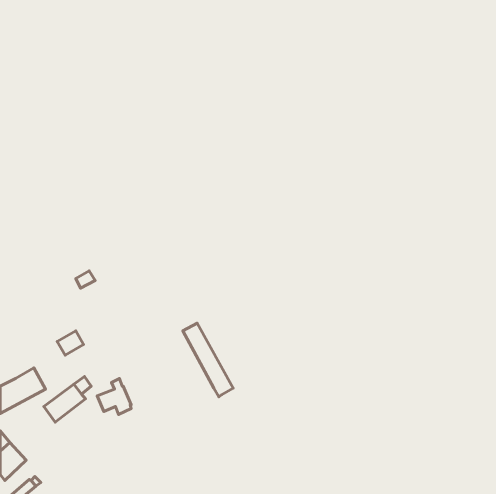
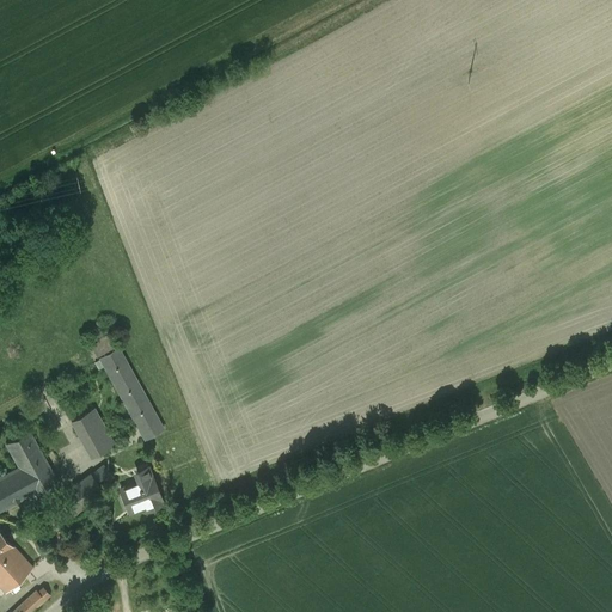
building: [183,323,233,397] -> [100,350,163,441]
building: none -> [80,427,114,458]
building: none -> [6,433,42,469]

